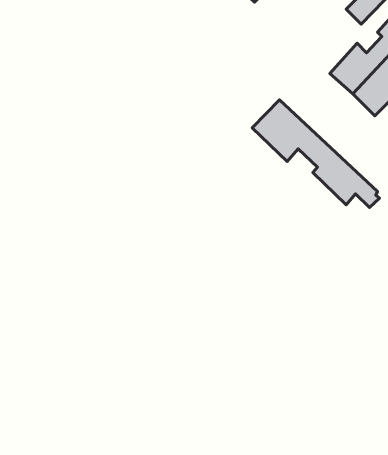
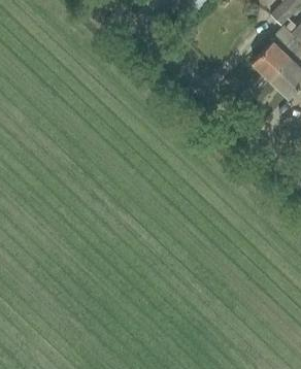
building: [252,100,379,207] -> none

